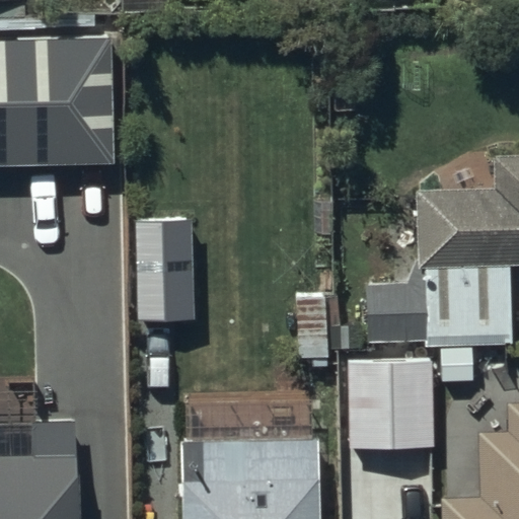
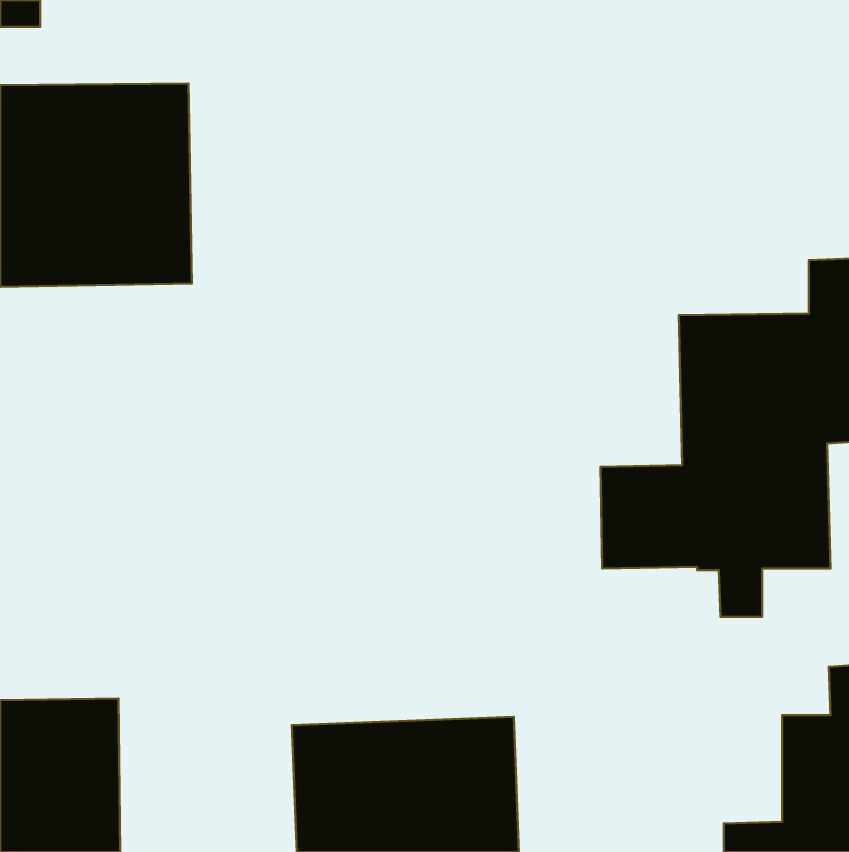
building: [139,219,196,319] -> none
building: [349,358,430,450] -> none

